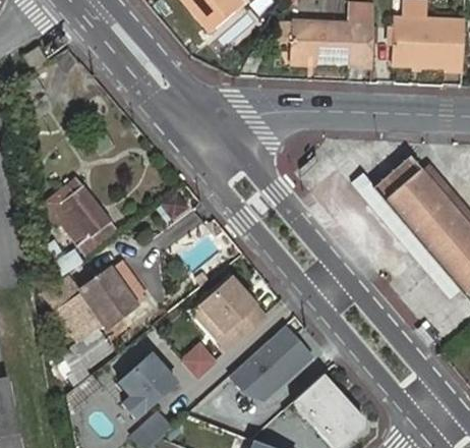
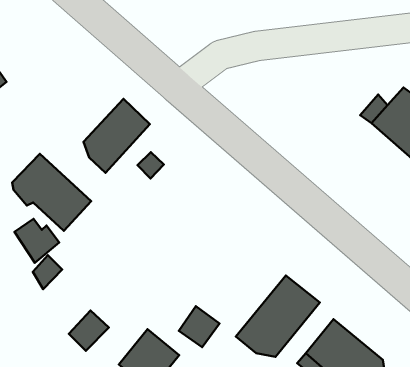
building: none -> [84,99,150,173]
building: [57,260,150,341] -> none
building: [192,276,262,337] -> none

